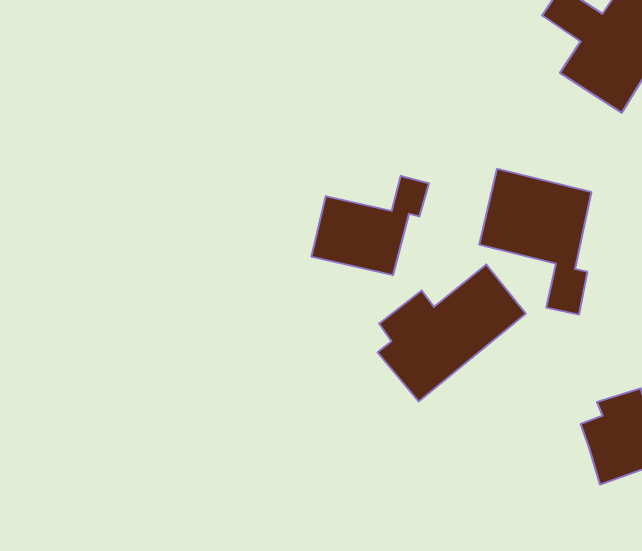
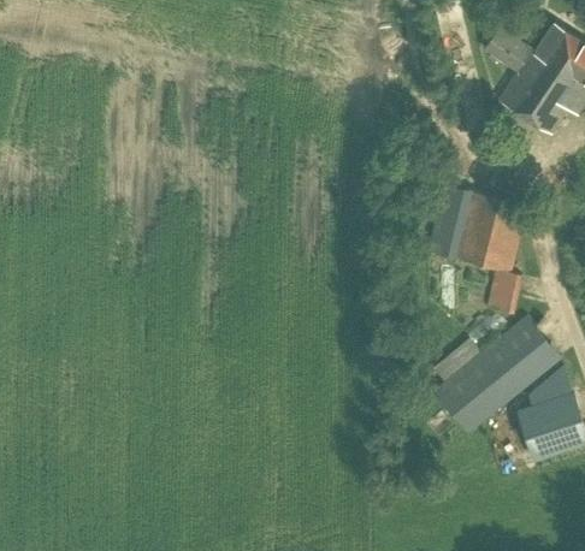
building: [312,176,429,275] -> none
building: [378,264,526,402] -> [432,314,562,434]

